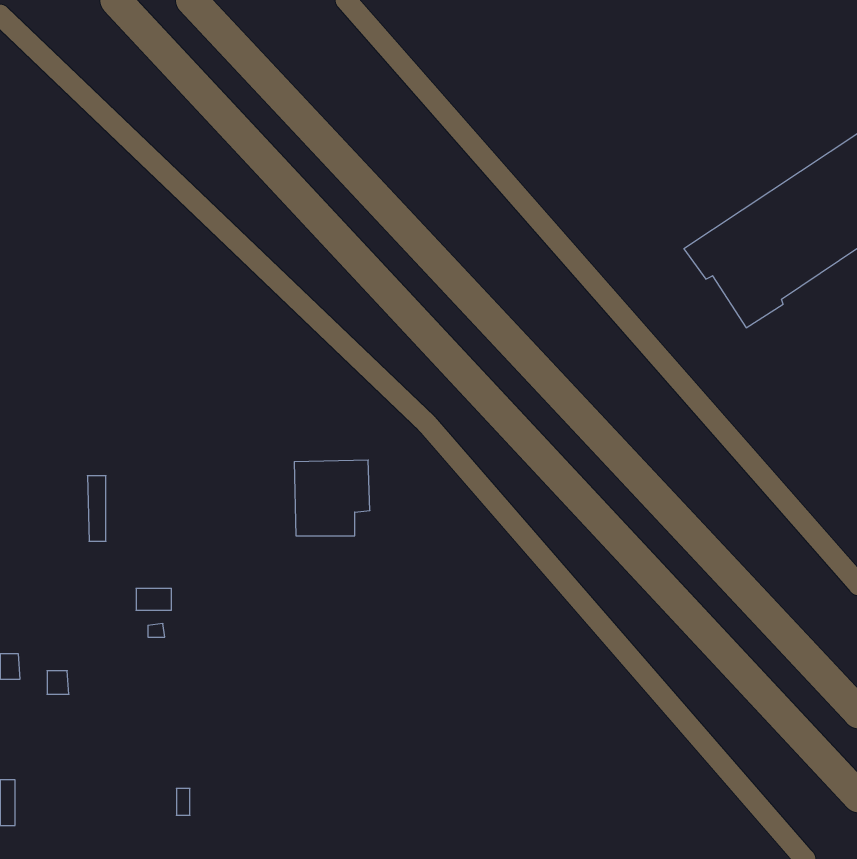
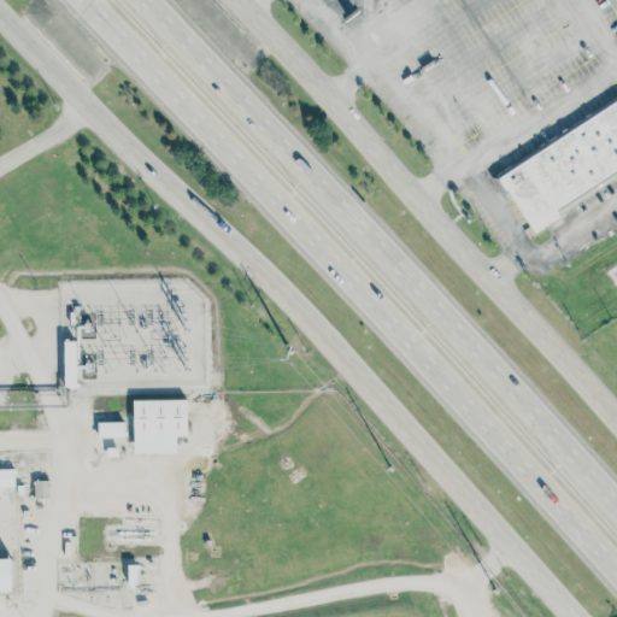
building: [294,460,370,536] -> [134,399,188,453]

